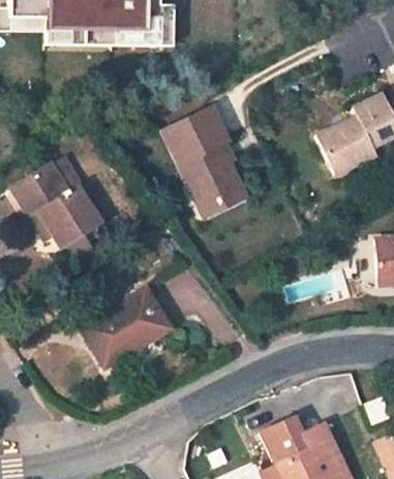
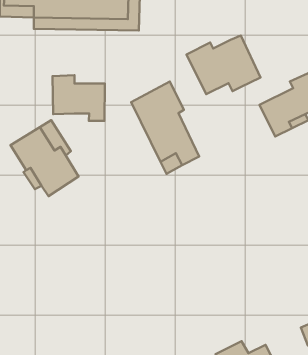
building: none -> [186,35,260,94]
building: none -> [52,75,105,121]
building: [82,289,170,366] -> none

